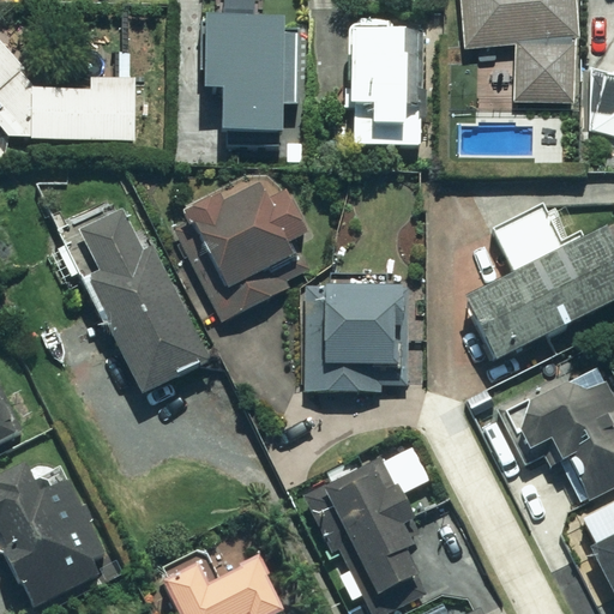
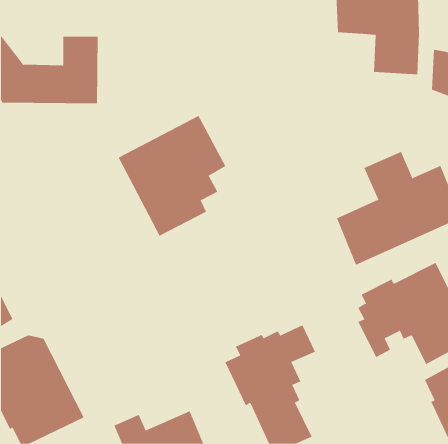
building: [210,16,302,125] -> none
building: [345,35,425,148] -> none
building: [73,204,211,396] -> none
building: [301,282,408,391] -> none

